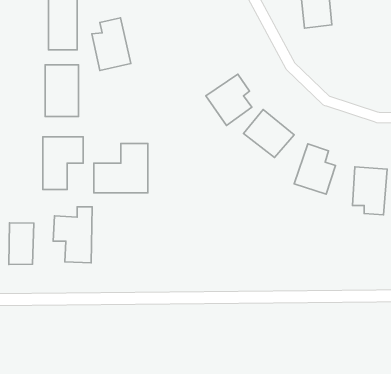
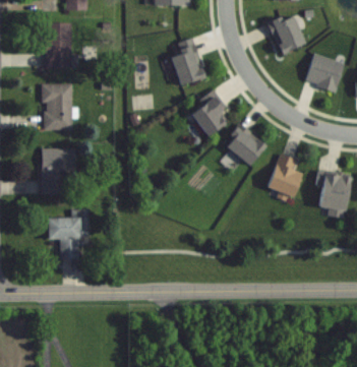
building: [92,18,131,70] -> [169,39,203,85]
building: none -> [304,53,344,93]
building: [94,143,148,193] -> none
building: [9,223,34,265] -> none

